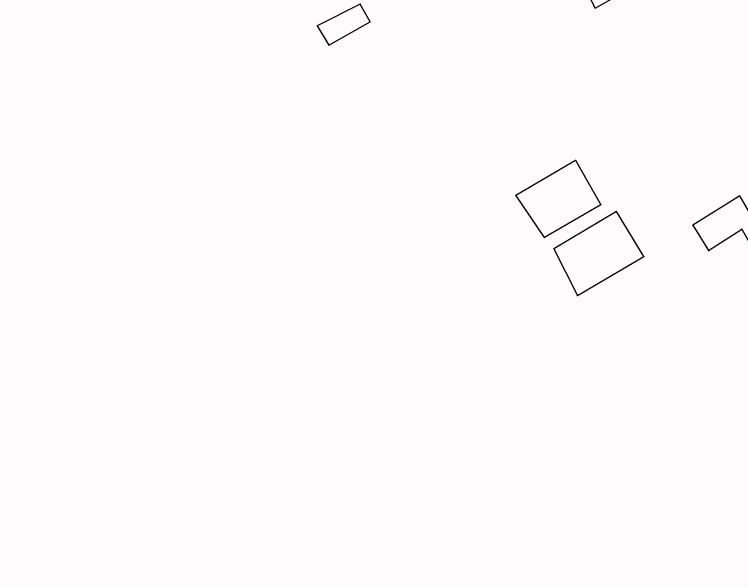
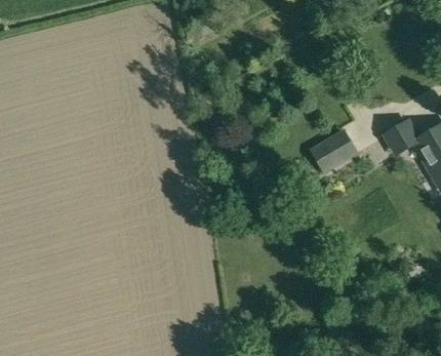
building: [516,160,601,238] -> none

